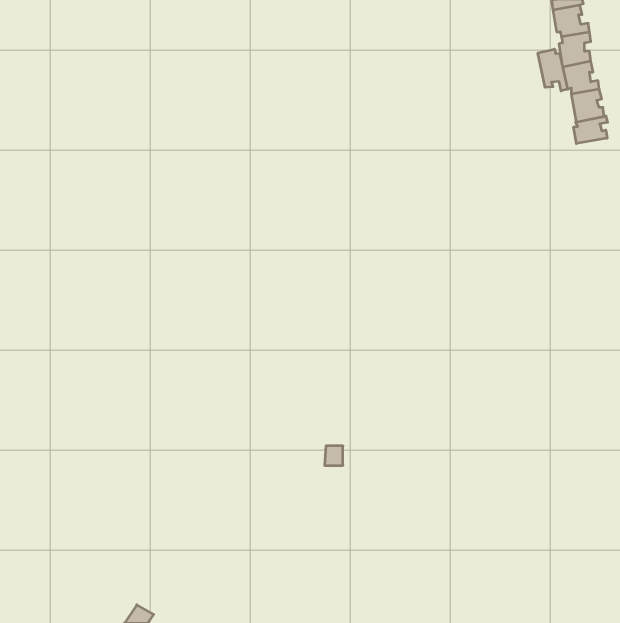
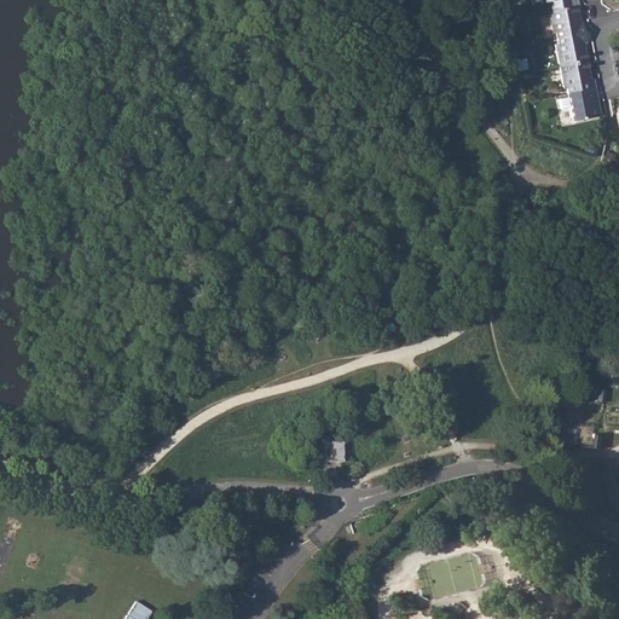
building: [538,49,567,91] -> none
building: [574,116,608,144] -> none

